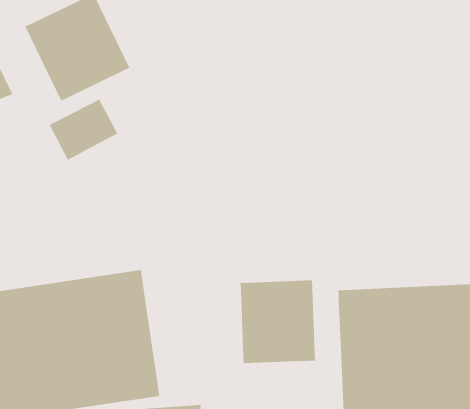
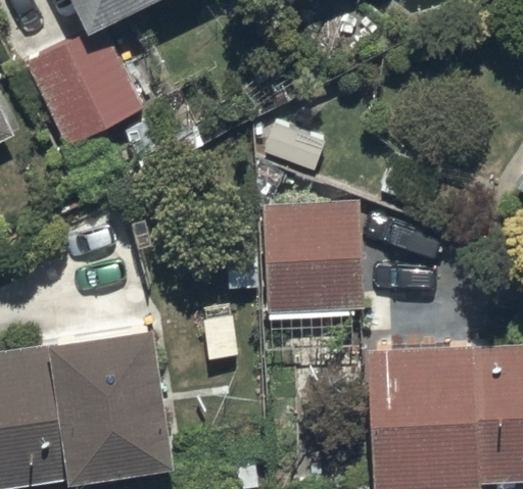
building: none -> [263,202,364,314]
building: [240,280,315,364] -> none

